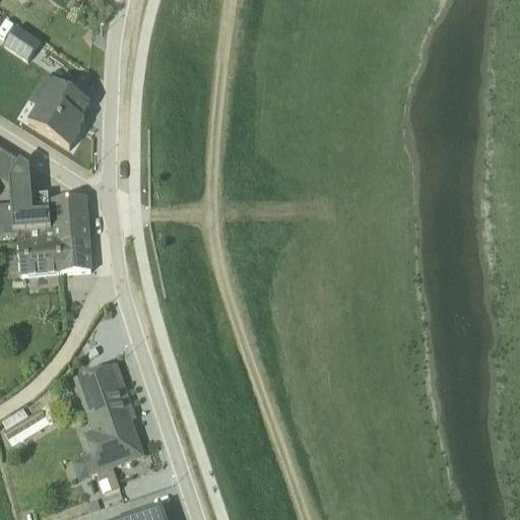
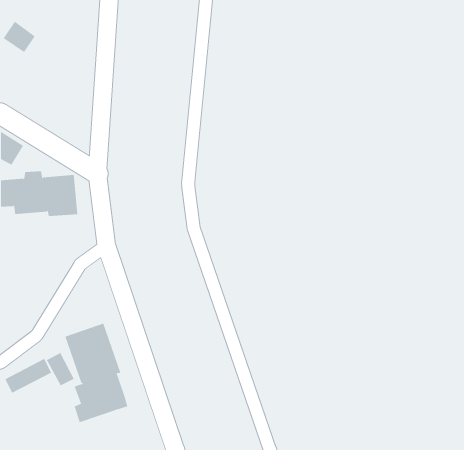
building: [28,73,89,146] -> none
building: [17,237,90,274] -> none
building: none -> [46,352,74,386]

